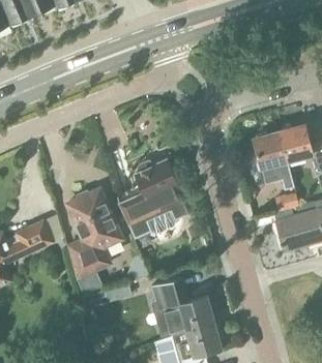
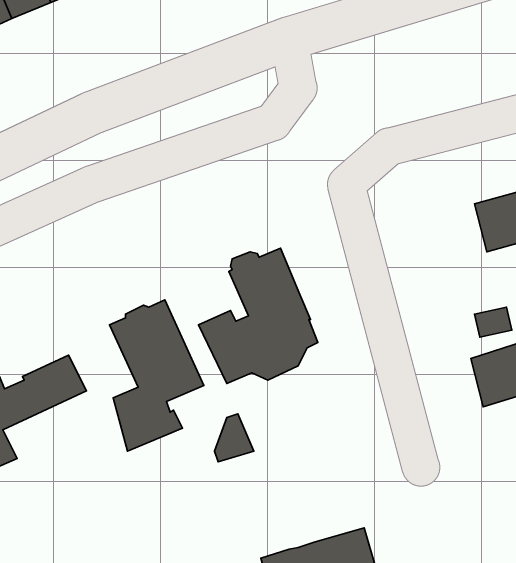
building: [254,132,294,191] -> none
building: [151,277,214,332] -> none

